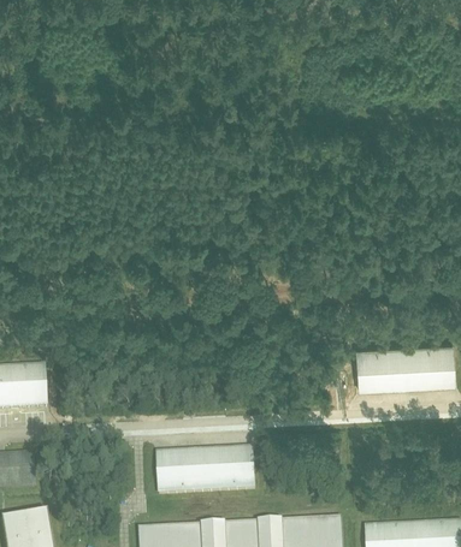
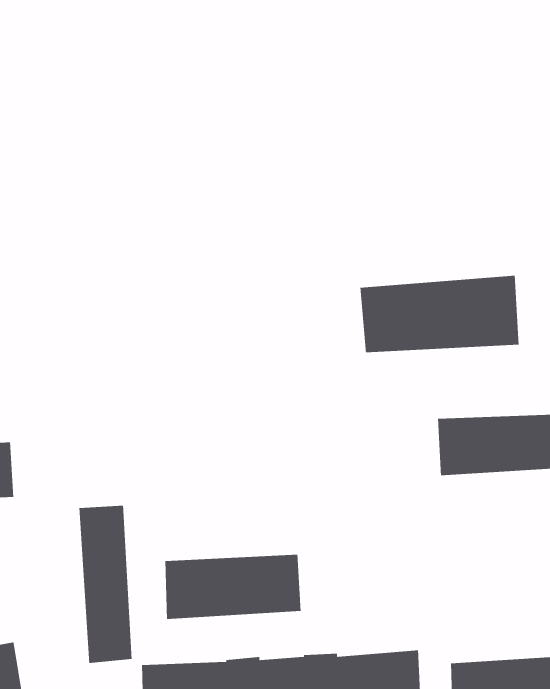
building: none -> [360,275,519,353]
building: none -> [78,505,132,664]

